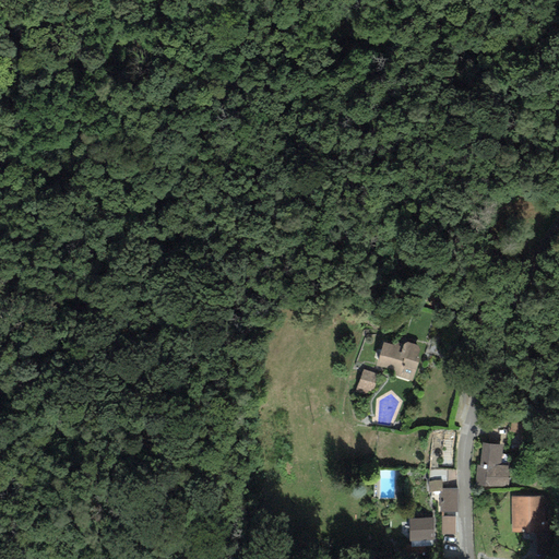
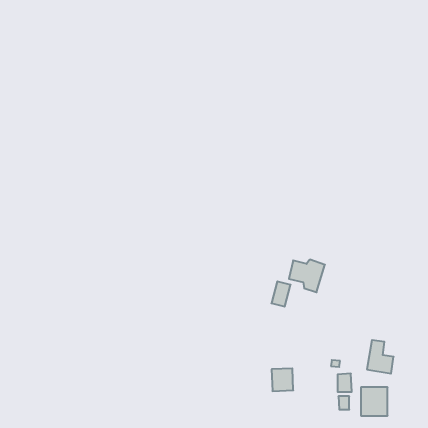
building: [512,493,547,531] -> [361,387,388,416]
building: [406,518,435,547] -> [272,368,293,391]

